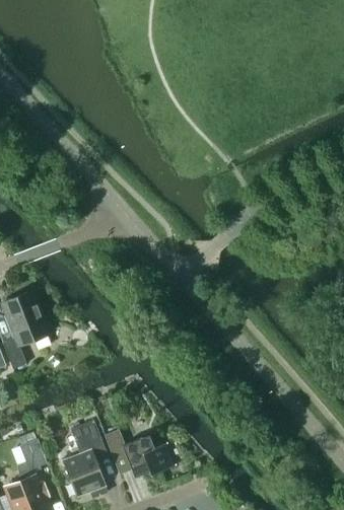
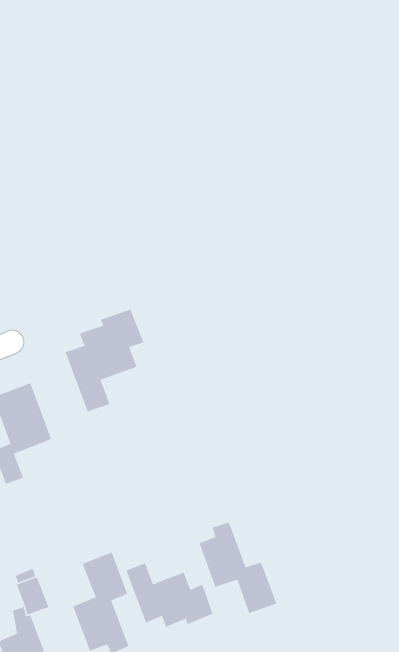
building: none -> [65,309,145,413]
building: none -> [198,521,277,614]

